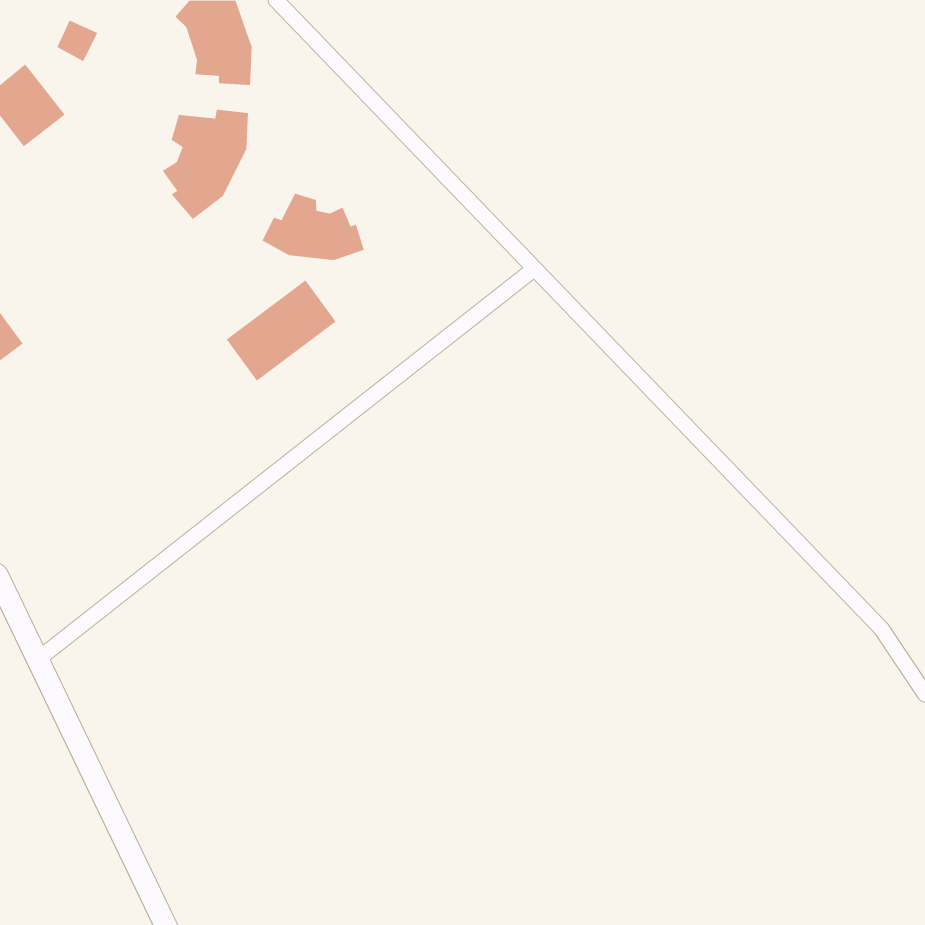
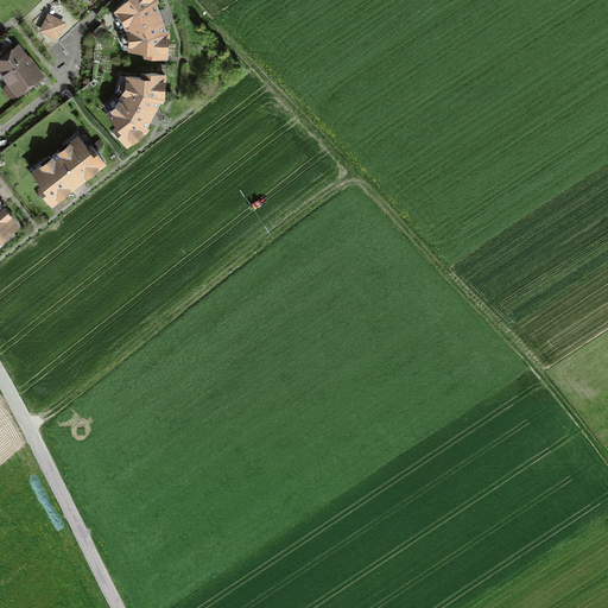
building: [262,193,365,261] -> none
building: [226,280,337,381] -> [30,135,102,202]

